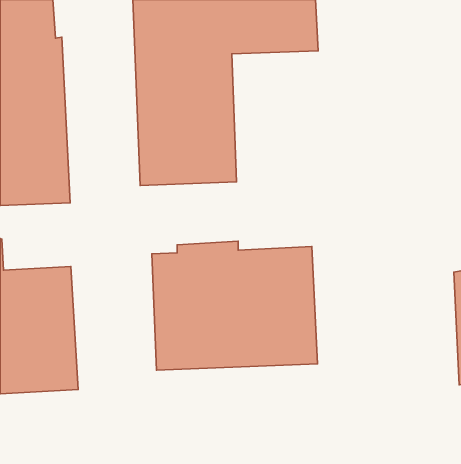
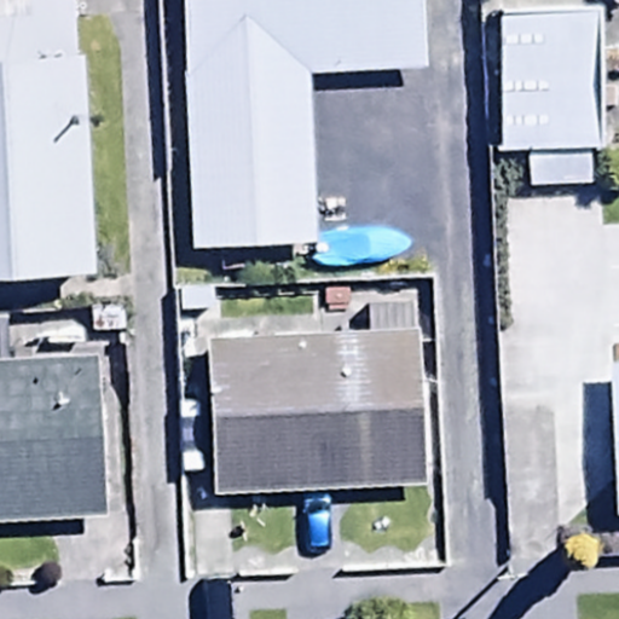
building: none -> [496,12,596,151]

